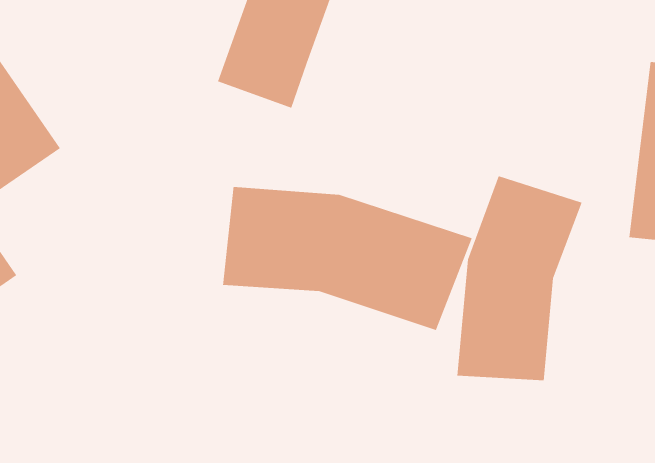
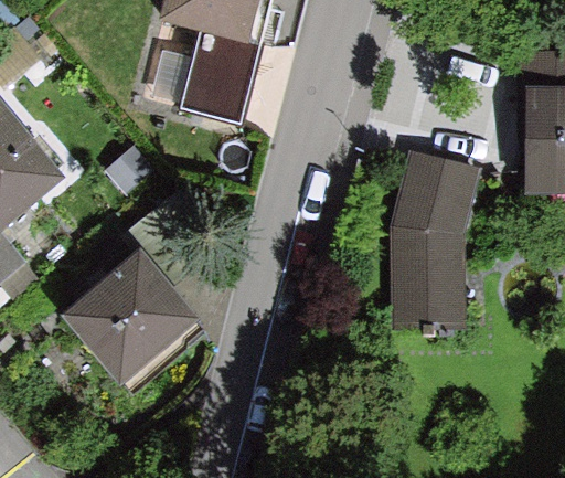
building: [222,186,472,331] -> none
building: none -> [61,252,196,386]

